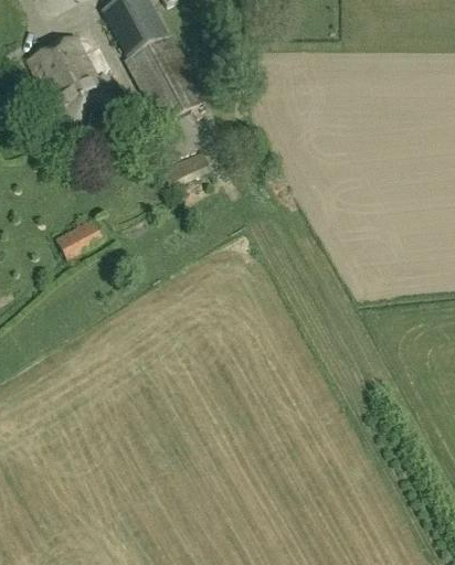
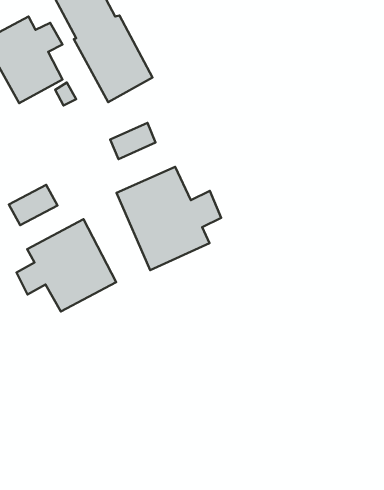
building: none -> [117,167,221,270]
building: none -> [17,219,116,311]

